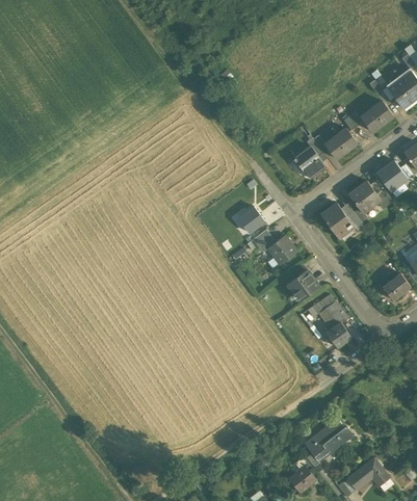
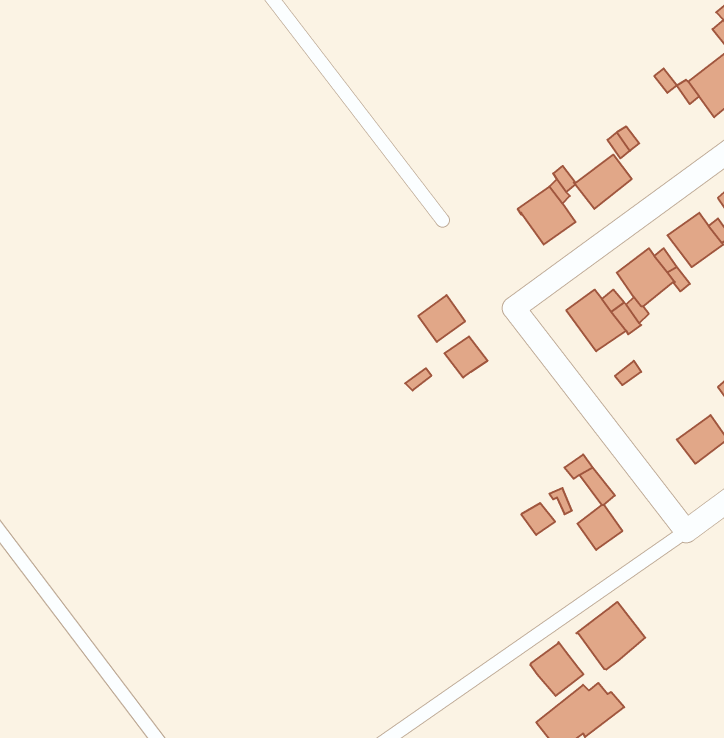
building: [361,102,393,132] -> none
building: [267,236,296,265] -> none
building: [287,270,319,301] -> none
building: none -> [576,602,645,670]
building: none -> [530,642,583,696]

